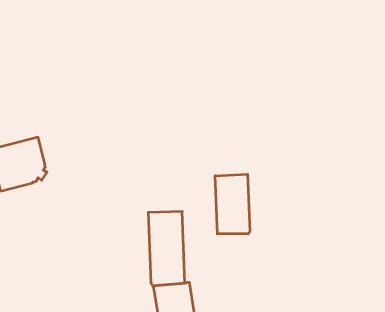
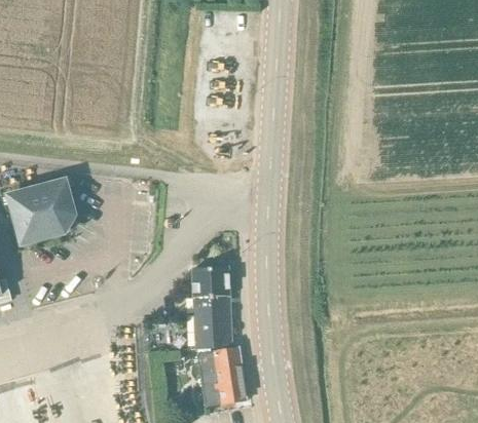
building: [215,174,250,234] -> none

